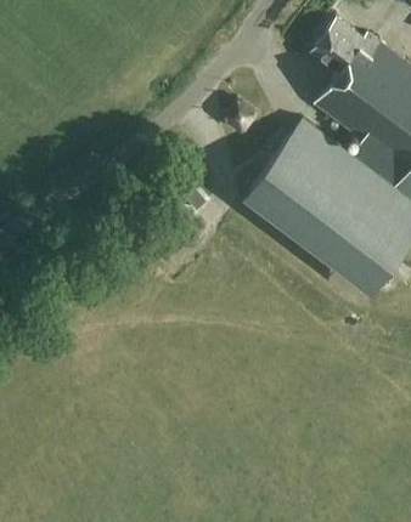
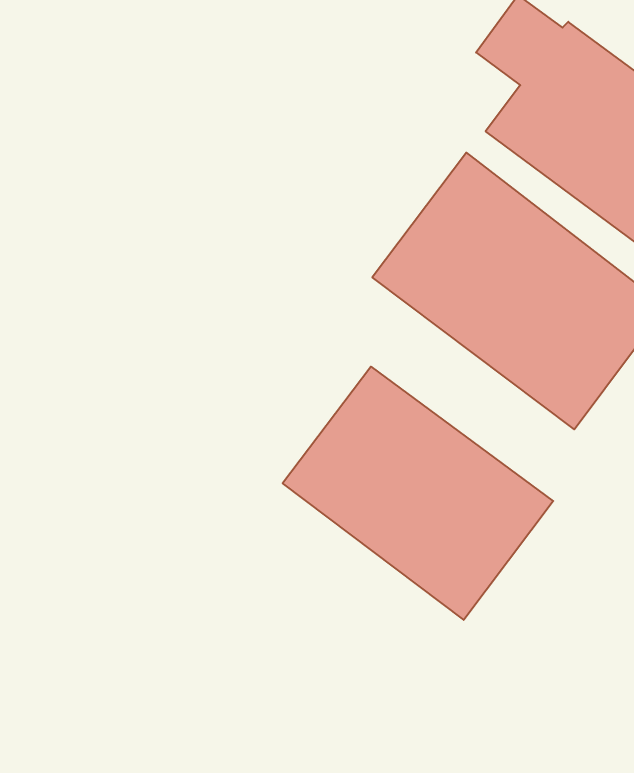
building: none -> [283,367,553,620]

